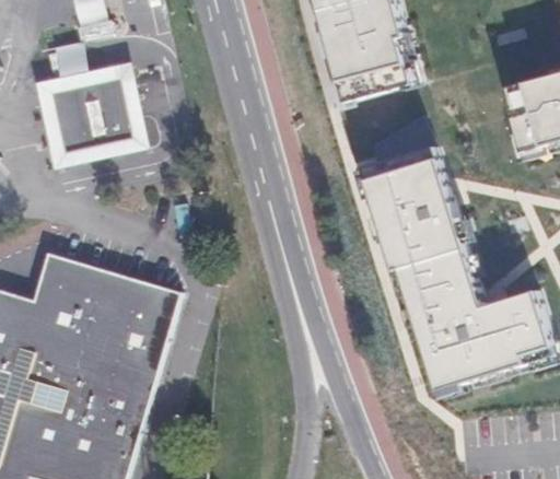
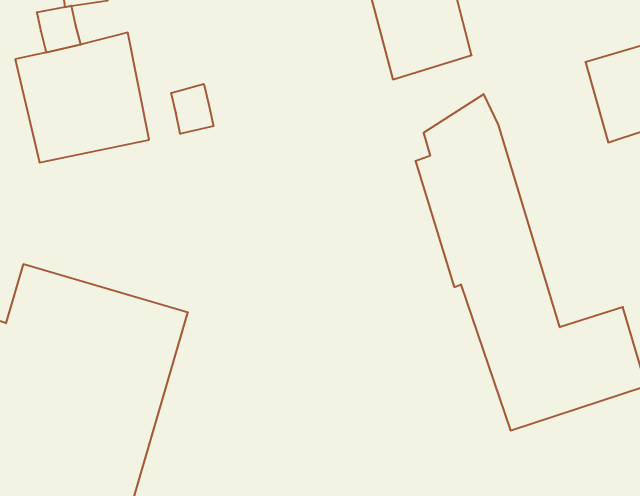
building: none -> [171,84,214,134]

